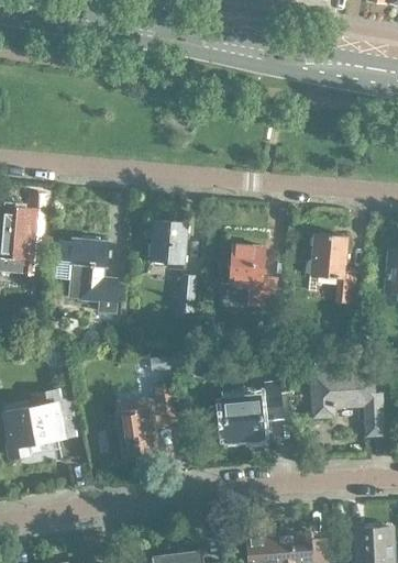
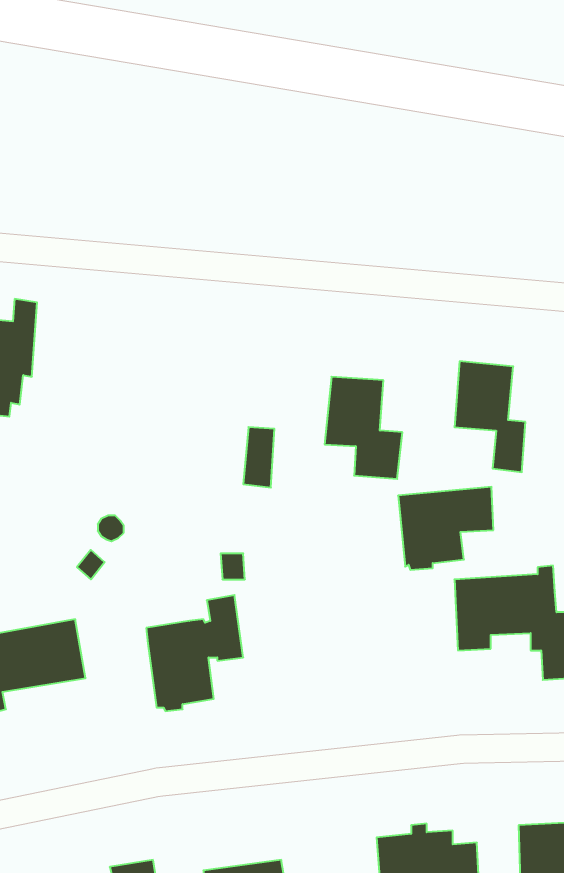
building: [150,220,186,271] -> none
building: [55,236,117,319] -> none
building: [221,393,281,445] -> [398,487,493,570]

